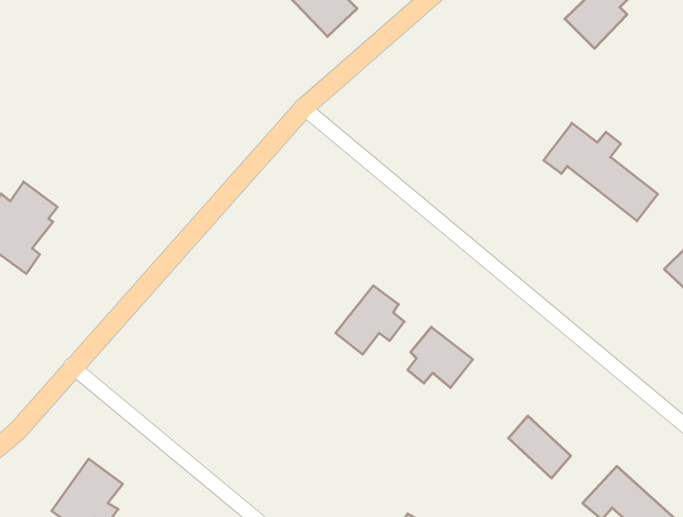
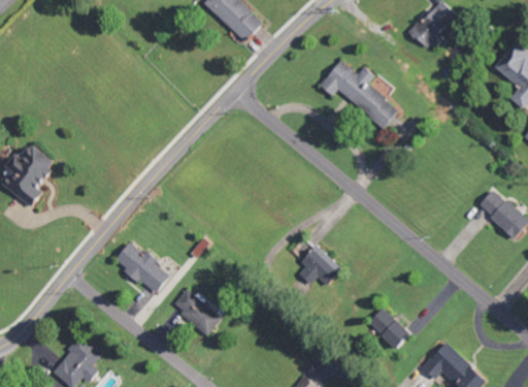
building: [544,123,658,221] -> [320,60,399,128]
building: [336,286,404,354] -> none
building: none -> [117,243,172,294]
building: none -> [172,288,222,335]

